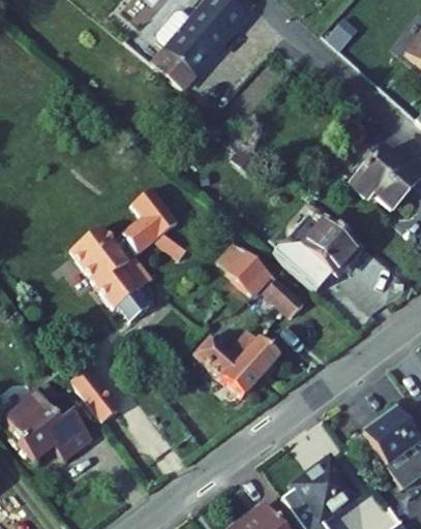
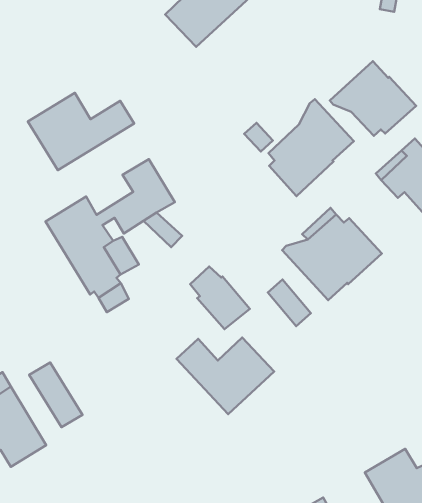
building: none -> [330,61,416,136]
building: none -> [268,99,354,196]
building: none -> [28,93,134,170]
building: [218,243,271,294] -> [190,267,250,329]

